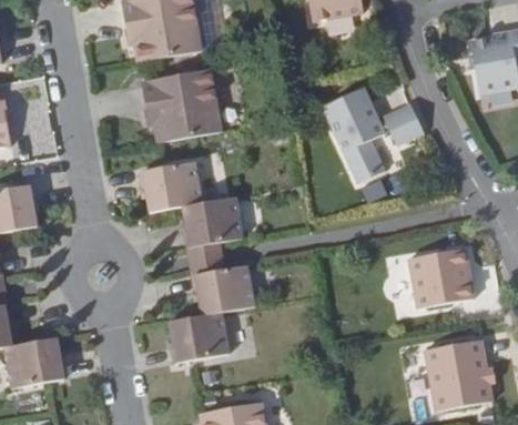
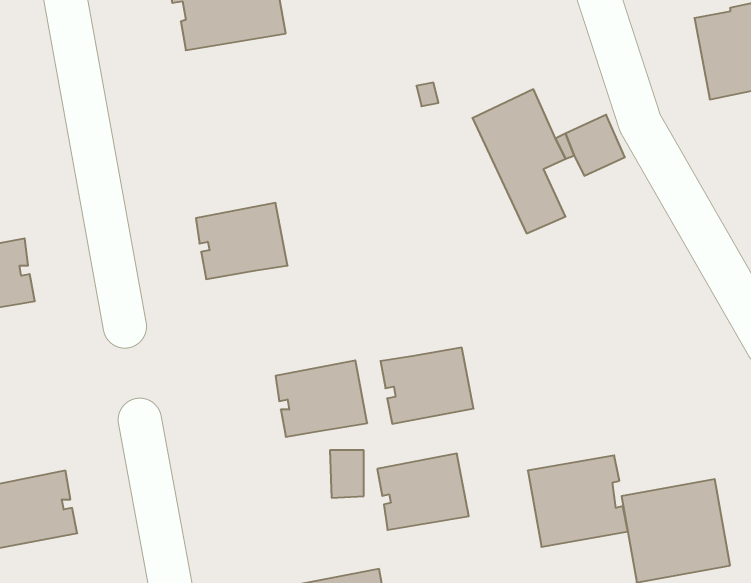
building: [141,69,221,142] -> none
building: [181,196,242,246] -> [380,348,474,424]
building: [408,246,474,306] -> [528,455,628,547]
building: [169,311,228,361] -> [377,454,469,530]

